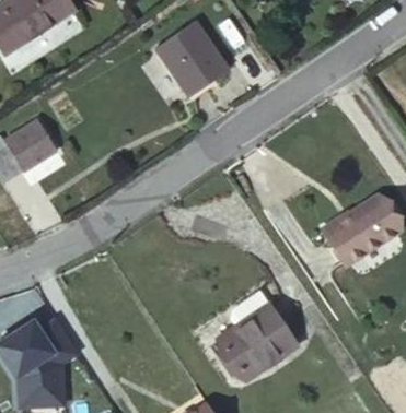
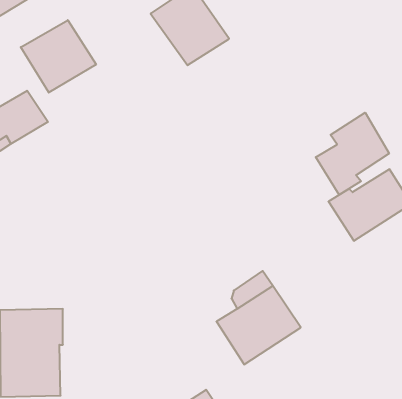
building: none -> [21,20,96,93]
building: none -> [316,113,389,195]

